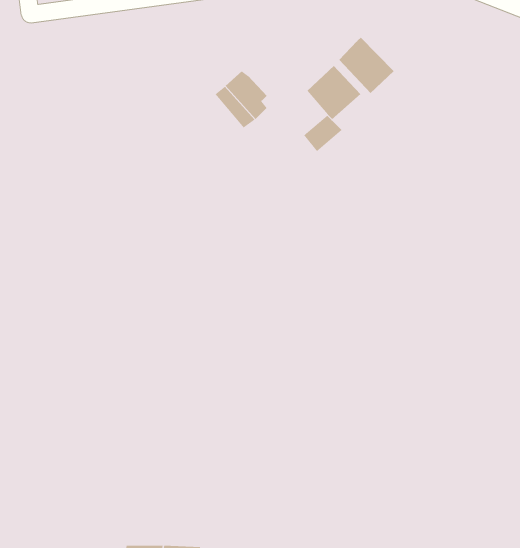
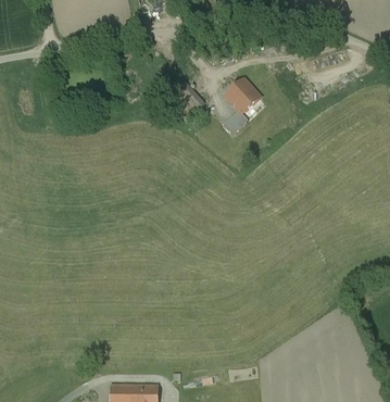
building: [339,37,395,94] -> none

